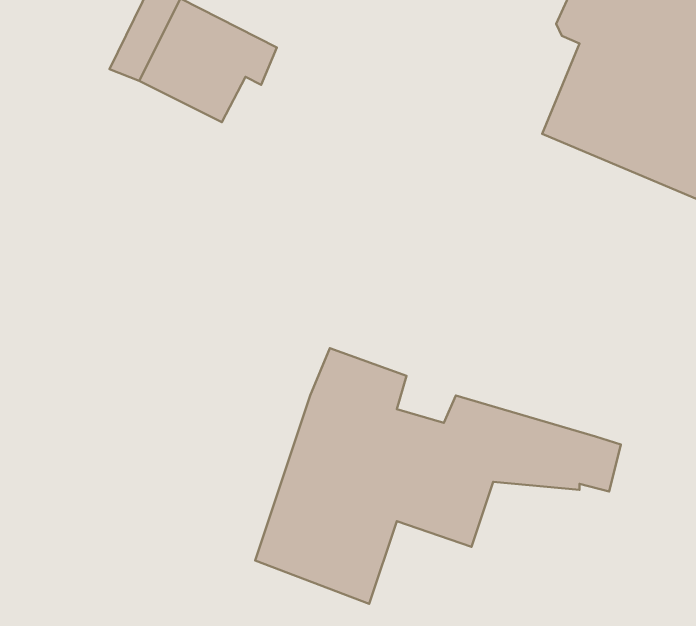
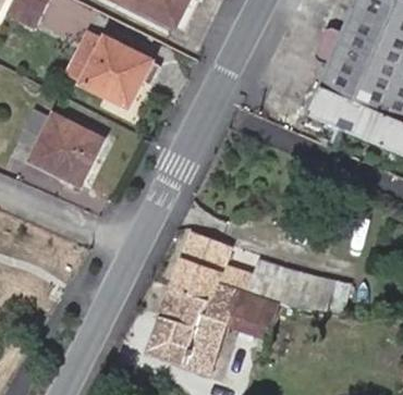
building: none -> [20,110,103,185]

